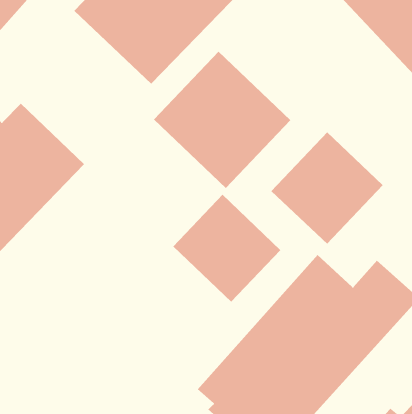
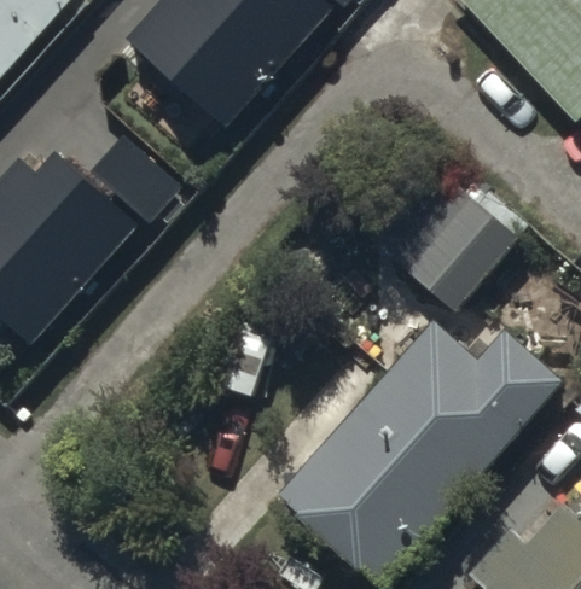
building: [153,51,291,189] -> none
building: [173,194,281,302] -> none

